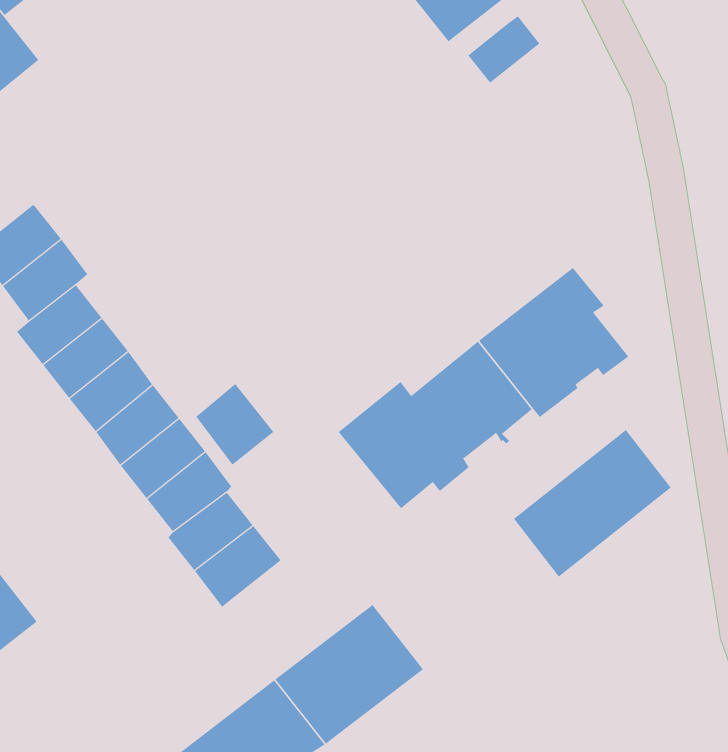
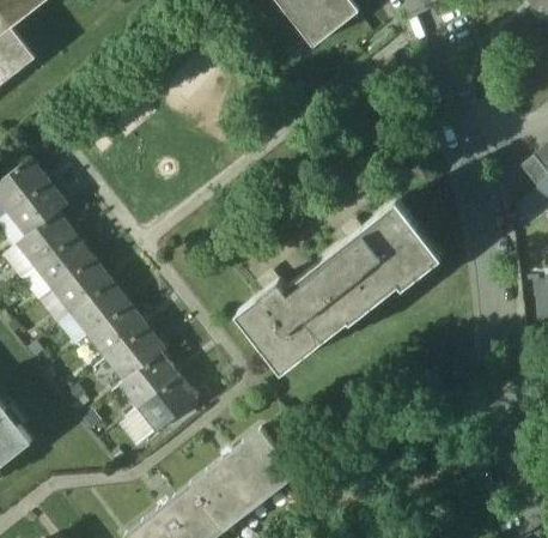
building: [468,15,540,84] -> none
building: [195,383,274,465] -> none
building: [513,429,672,577] -> none

